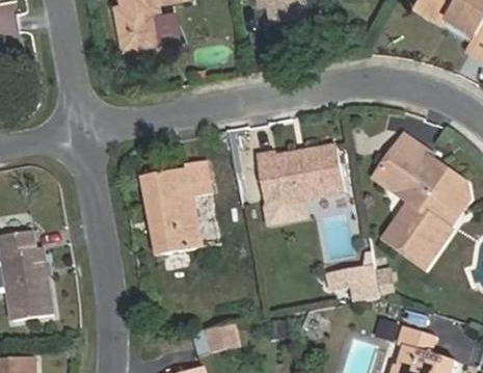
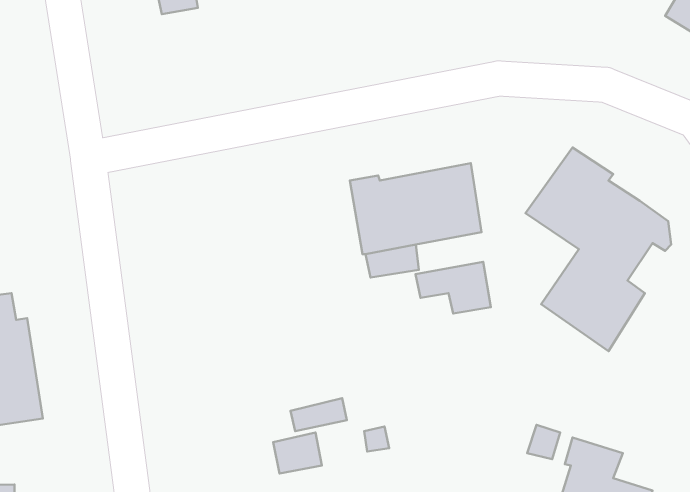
building: [139,160,209,256] -> none
building: [328,266,378,300] -> [416,262,491,313]

